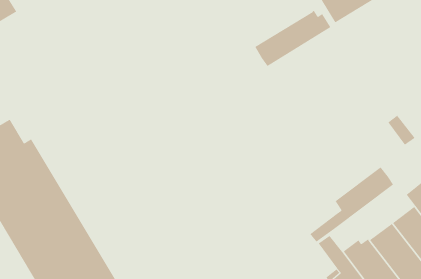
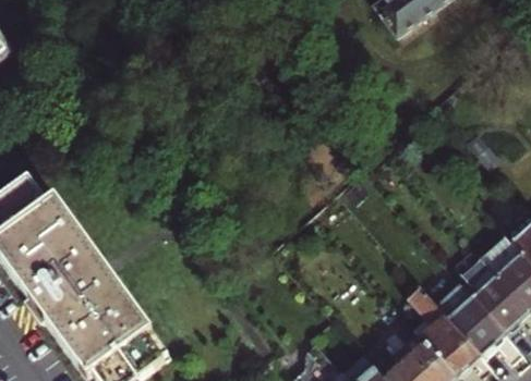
building: [254,10,331,67] -> none
building: [309,166,394,243] -> none

